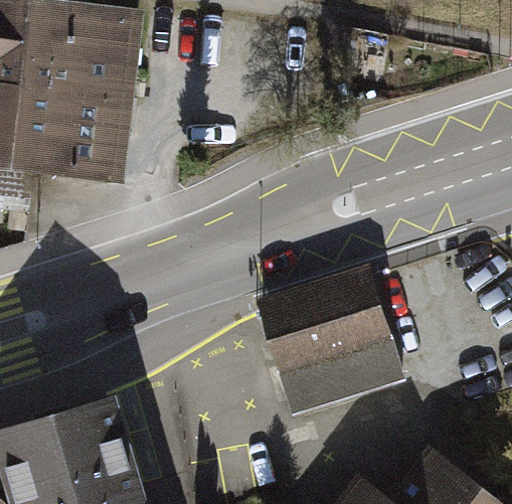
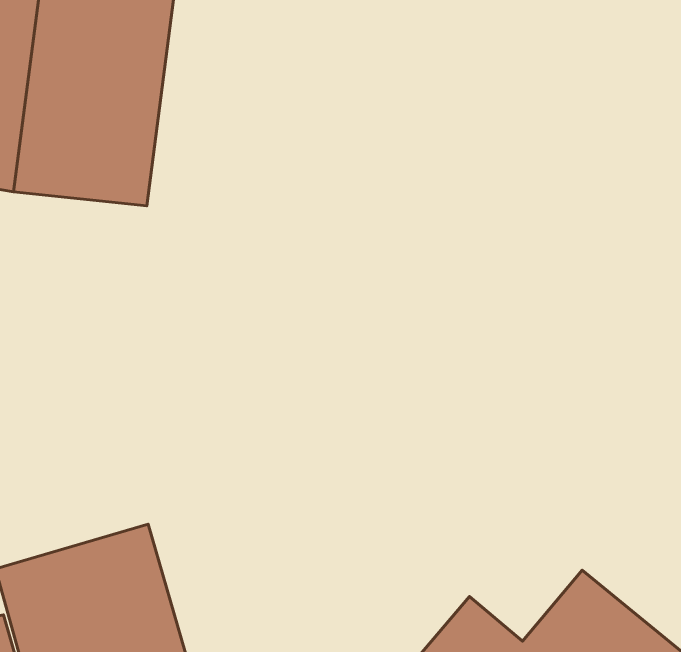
building: [260,276,404,411] -> none

